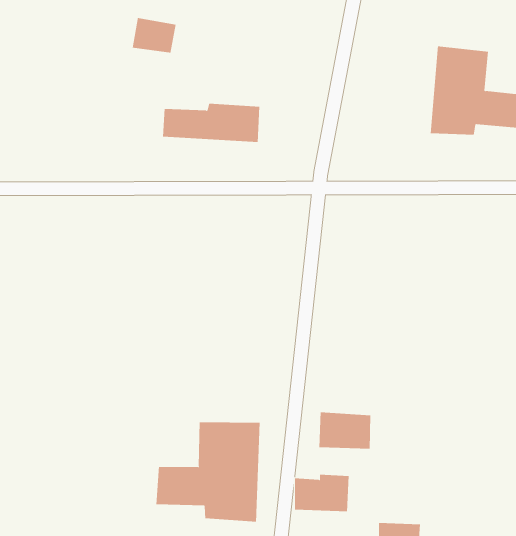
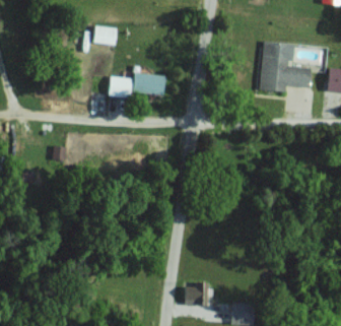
building: [319,411,371,449] -> none
building: [156,421,260,523] -> none

